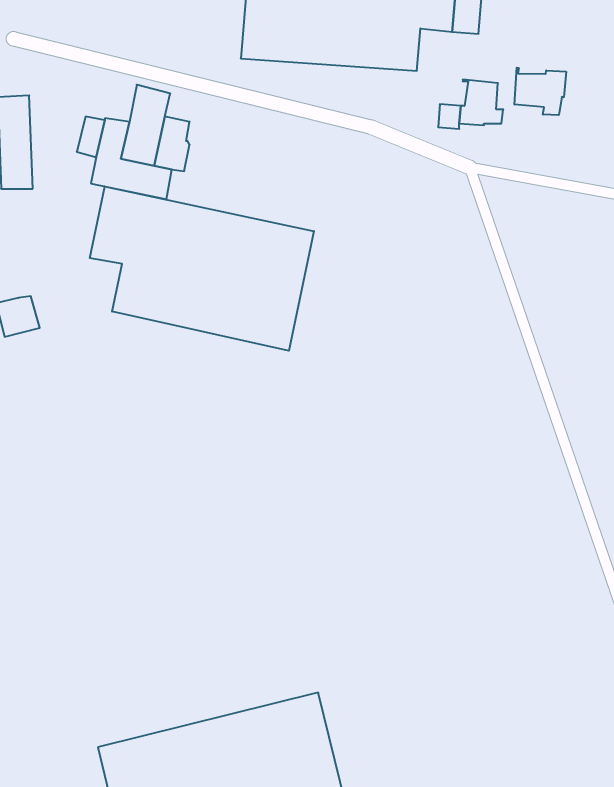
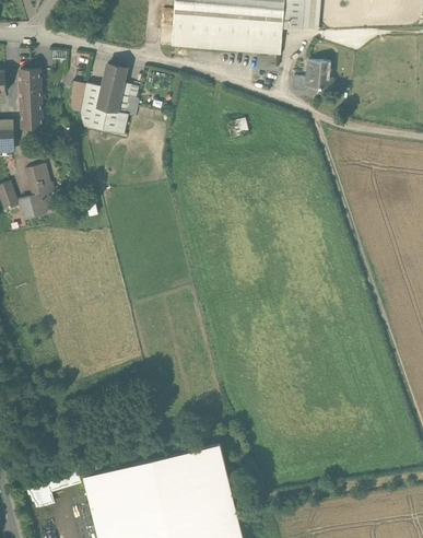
building: [515,68,566,115] -> none
building: [90,186,314,351] -> none
building: none -> [26,163,55,213]

